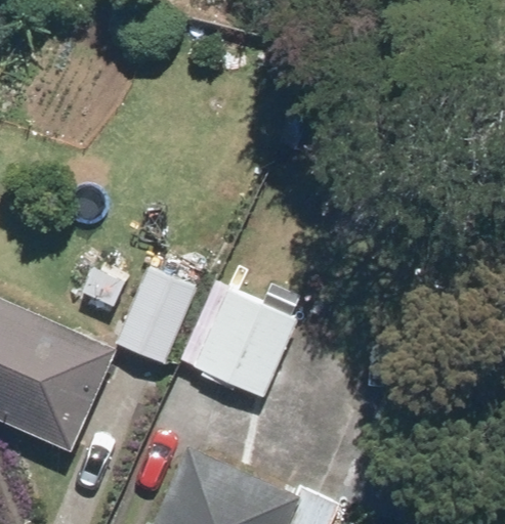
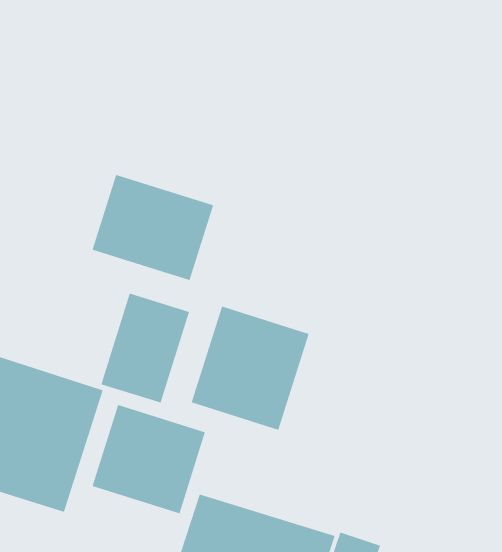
building: none -> [92,174,214,281]
building: none -> [92,404,206,514]

